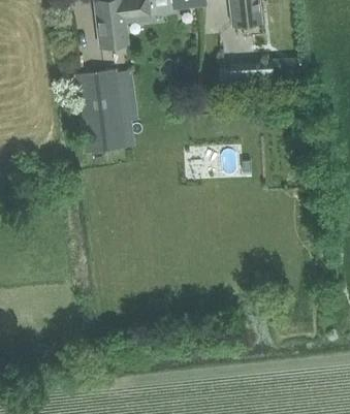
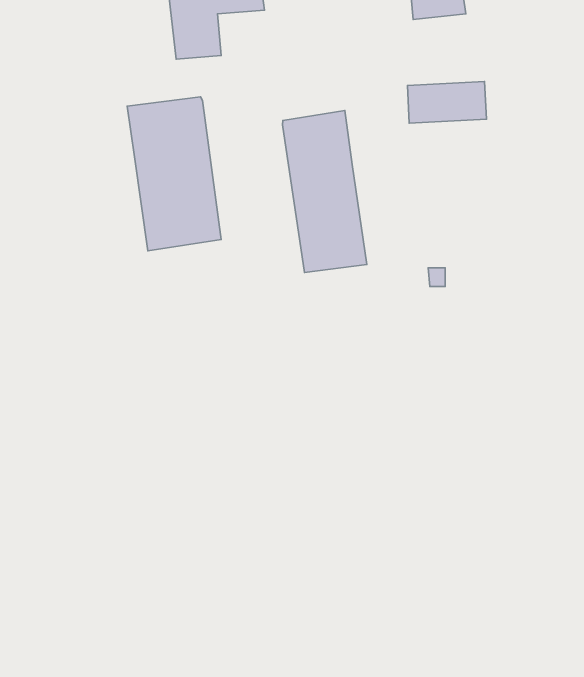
building: none -> [282,110,367,272]

